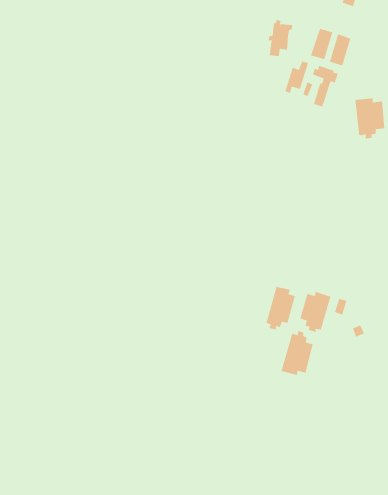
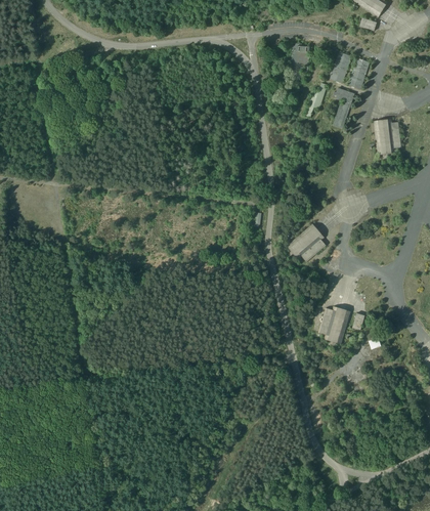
building: none -> [287,223,326,261]
building: [266,286,296,330] -> none
building: [281,330,313,376] -> none

